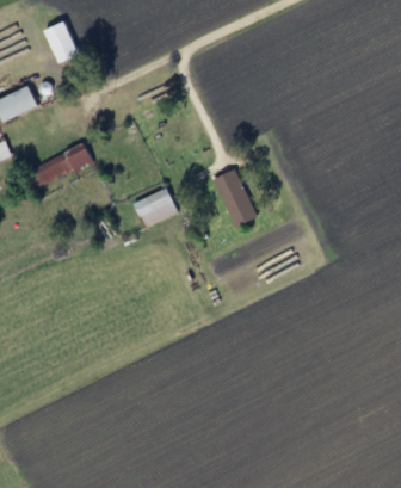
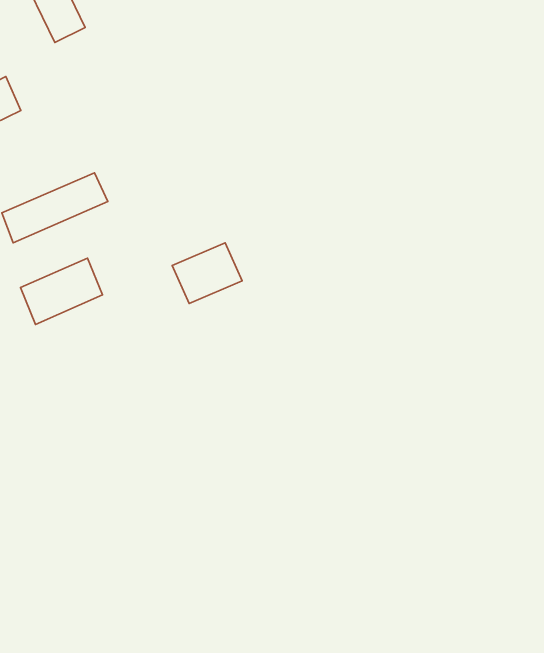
building: [212,169,255,227] -> none
building: none -> [21,258,103,324]

